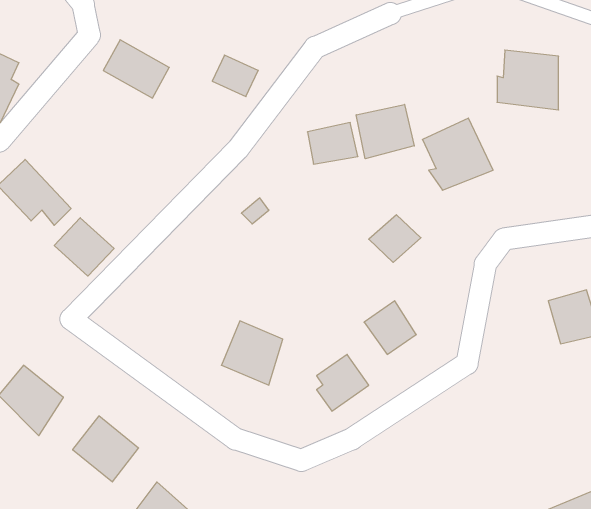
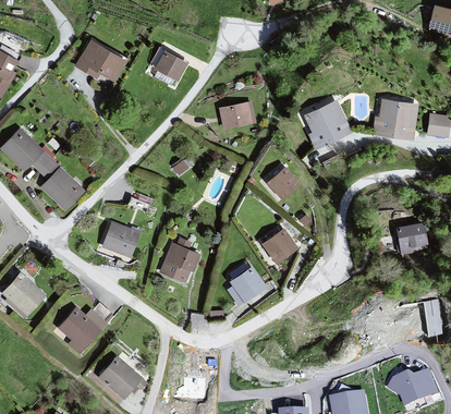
building: [497,50,559,110] -> [373,98,416,141]
building: [356,104,414,159] -> none
building: none -> [101,220,142,259]

